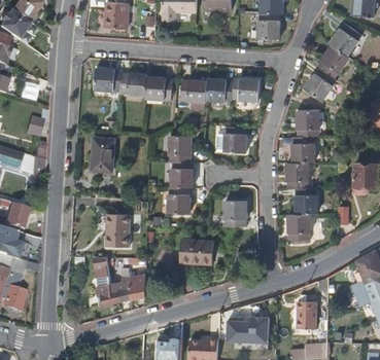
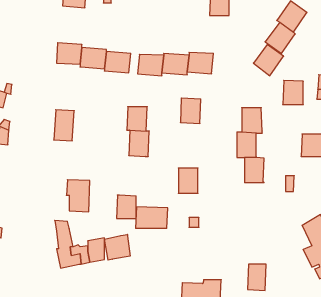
building: [296,110,317,136] -> [283,80,303,105]
building: [169,186,189,211] -> [117,195,136,218]
building: [287,214,308,240] -> none
building: none -> [104,234,130,260]

